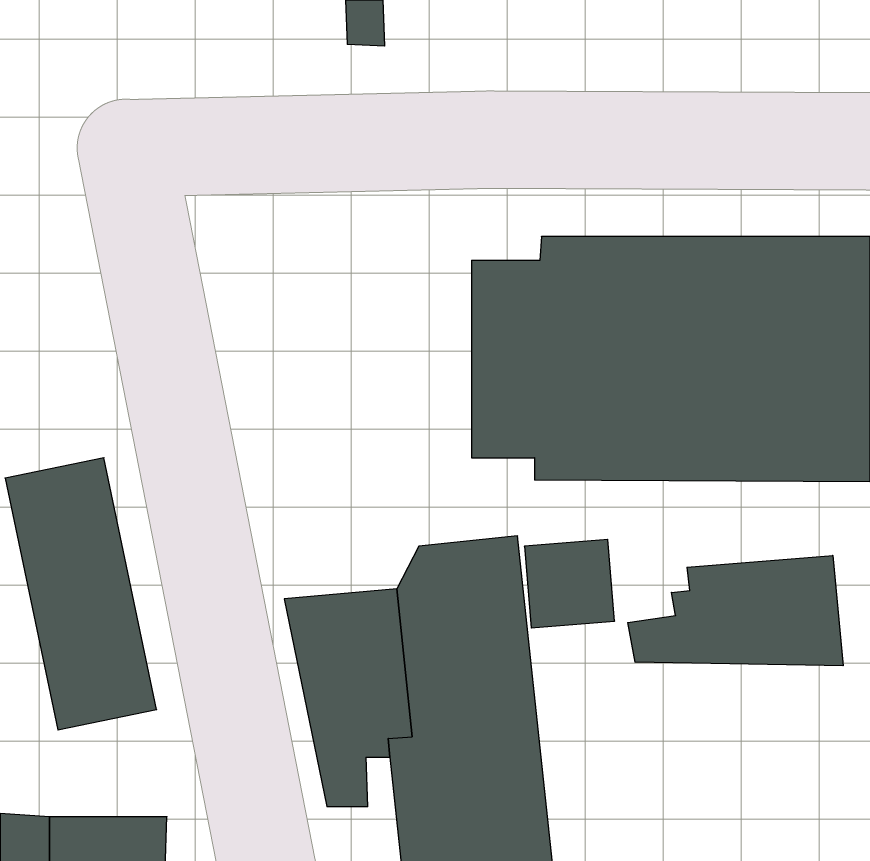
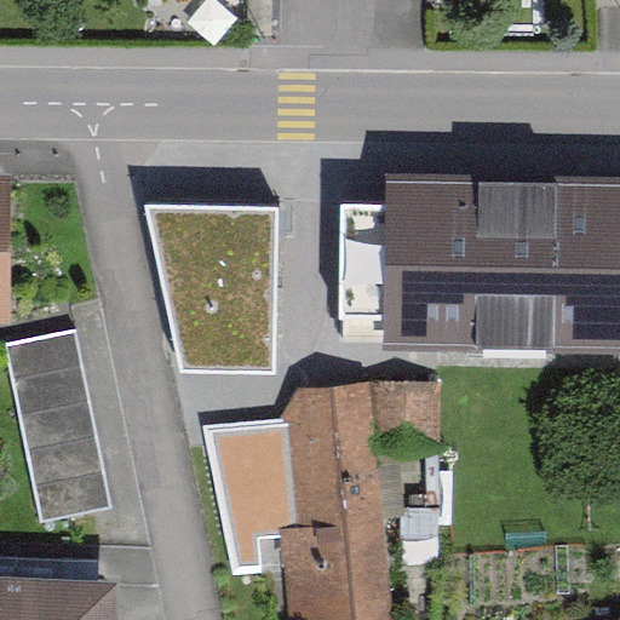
building: none -> [145,200,280,366]
building: [628,555,843,666] -> none

